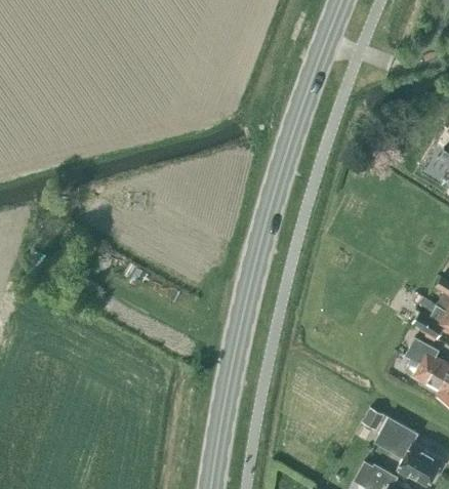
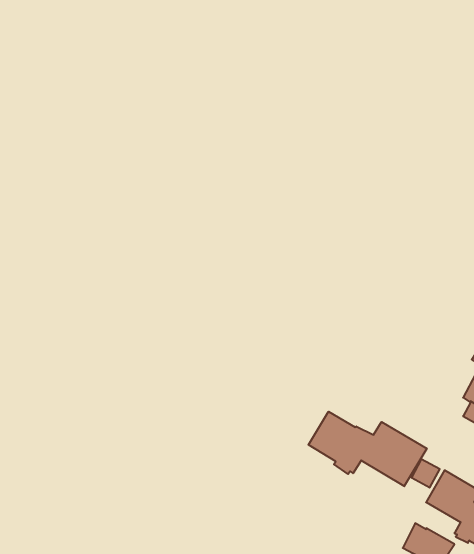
building: none -> [308,412,427,486]

